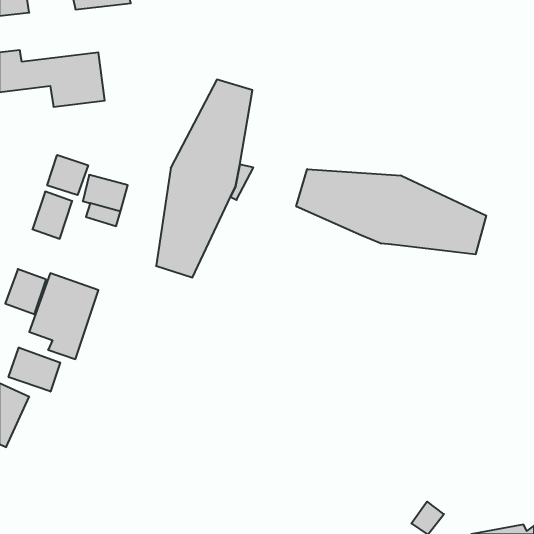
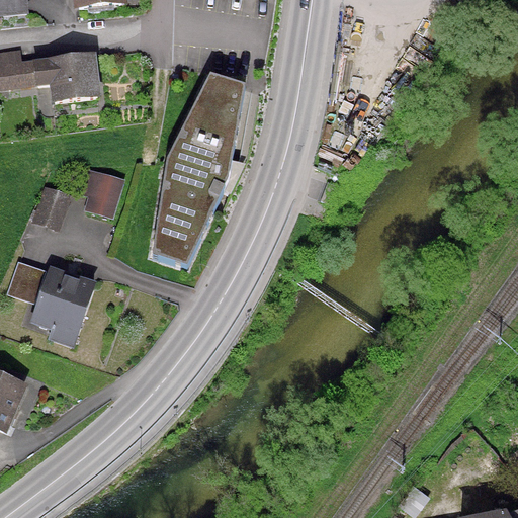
building: [47,155,88,195] -> none
building: [296,169,486,254] -> none
building: [9,347,60,392] -> none

